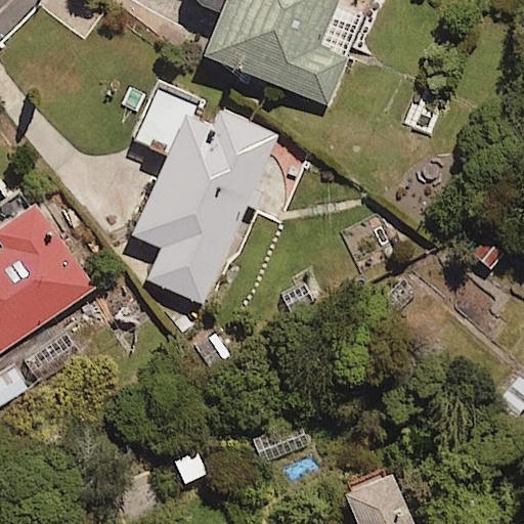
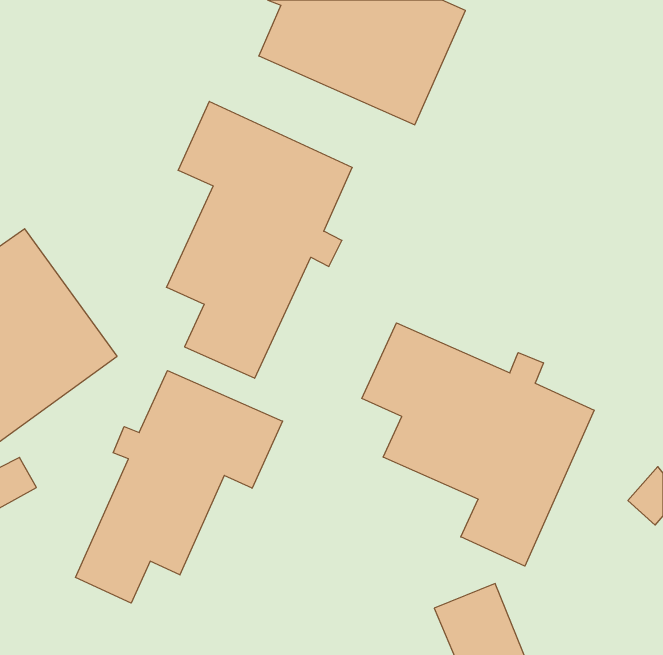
building: none -> [362,323,594,566]
building: none -> [76,371,283,603]

